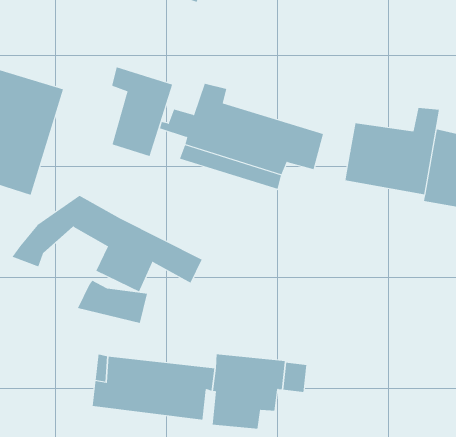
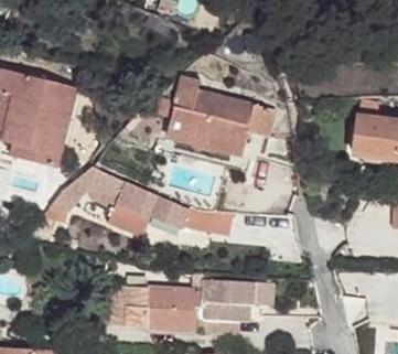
building: [112,67,173,157] -> none
building: [345,107,440,195] -> none
building: [77,280,148,324] -> [181,206,234,237]

